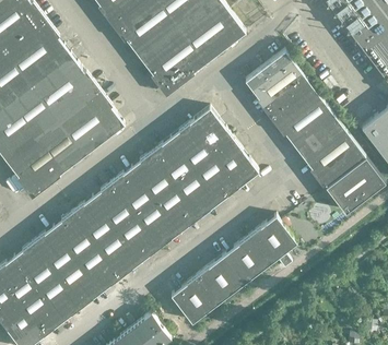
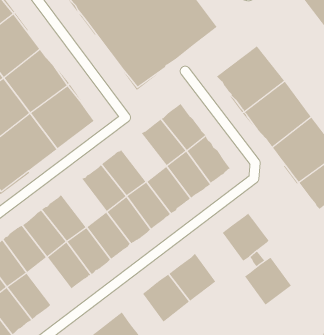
building: [150,138,195,186] -> none
building: [91,182,136,230] -> none
building: [223,236,270,284] -> [244,257,292,305]
building: [57,260,101,307] -> none

